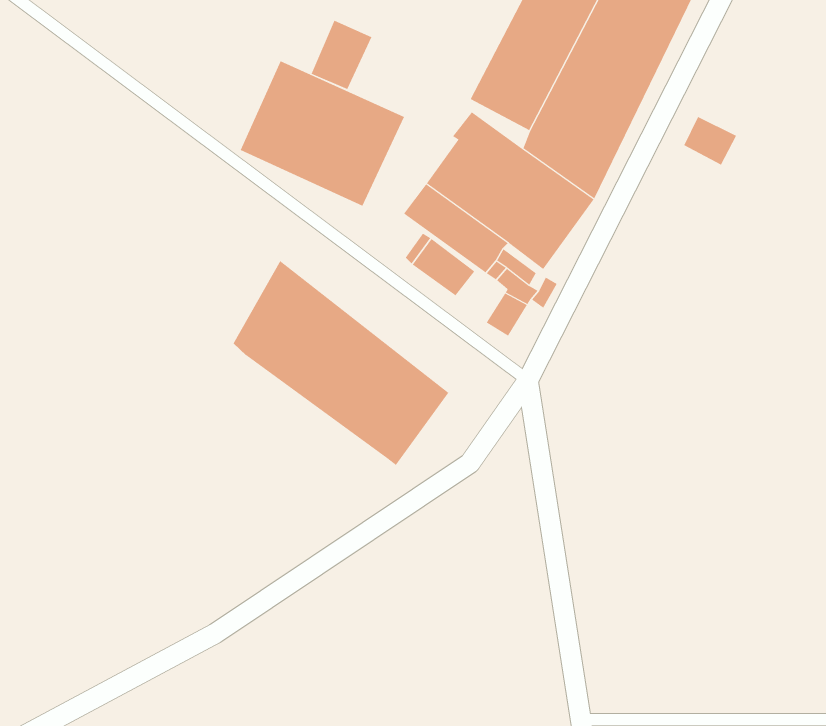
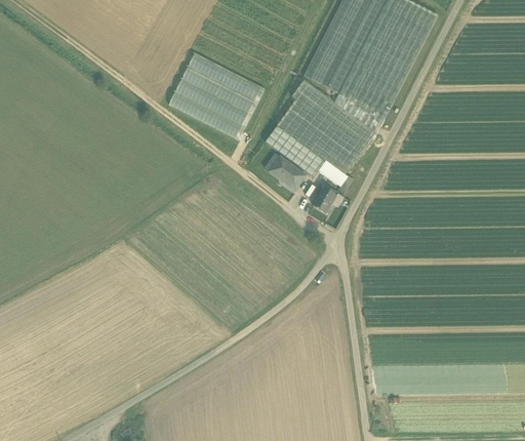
building: [311,20,372,90] -> none
building: [683,116,737,166] -> none
building: [233,260,449,466] -> none

